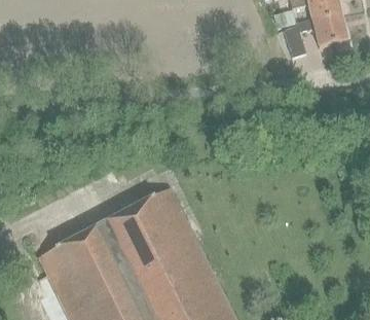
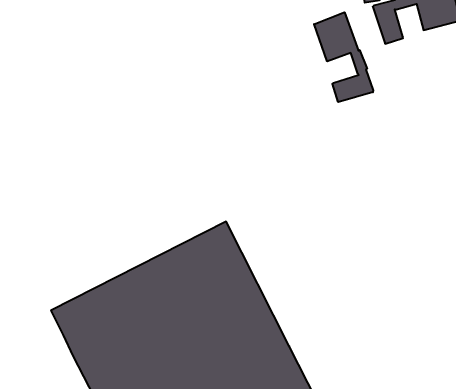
building: none -> [314,12,373,102]

